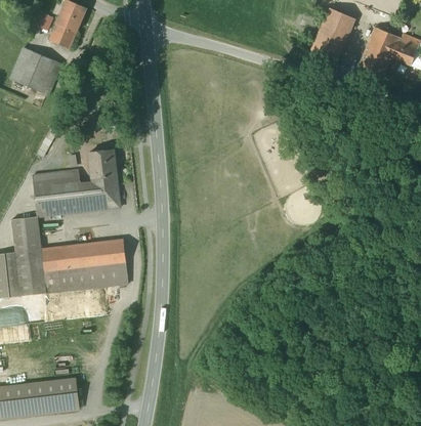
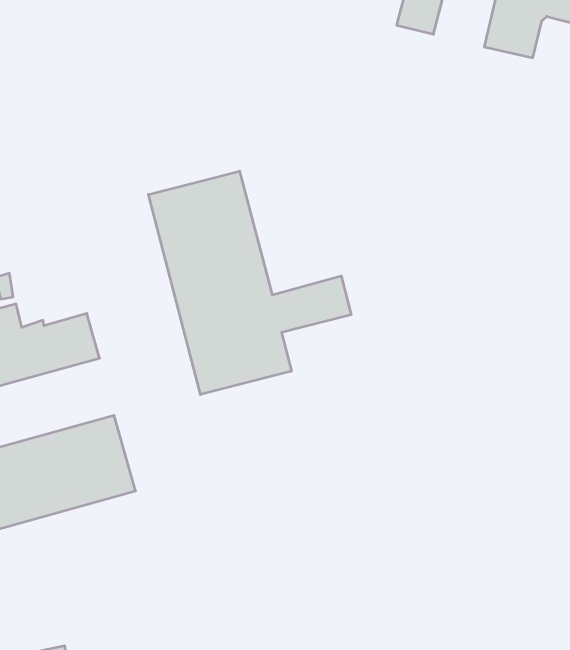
building: none -> [148,171,351,395]
building: [88,150,116,184] -> none

